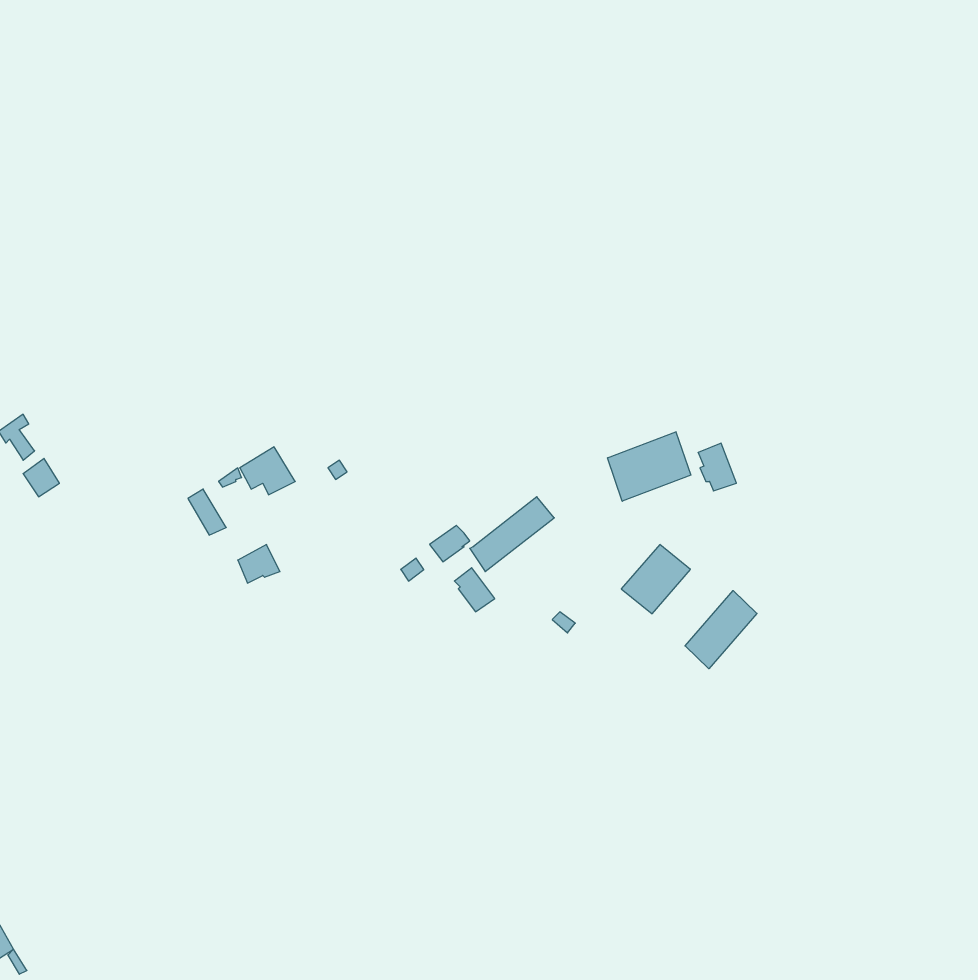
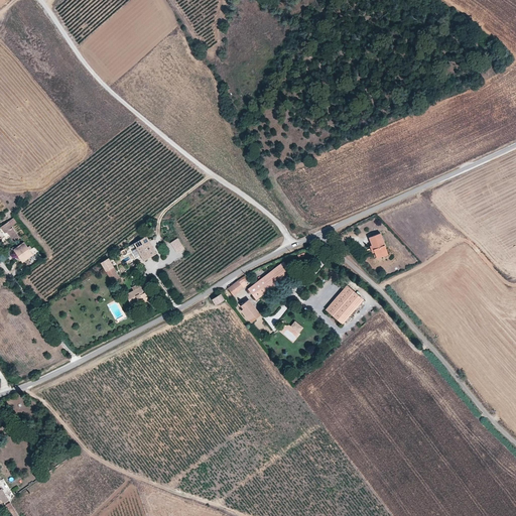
building: [608,432,691,501] -> none
building: [685,591,757,669] -> none

